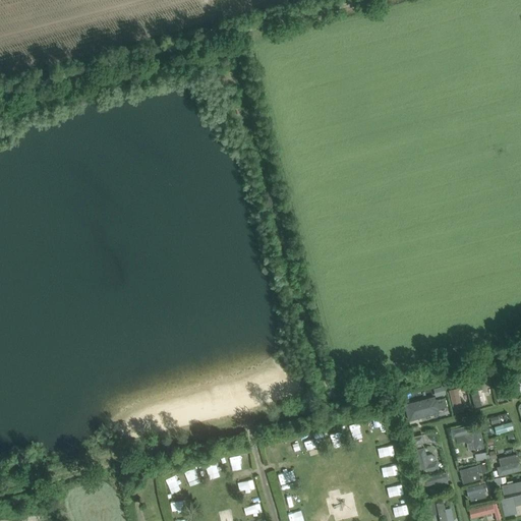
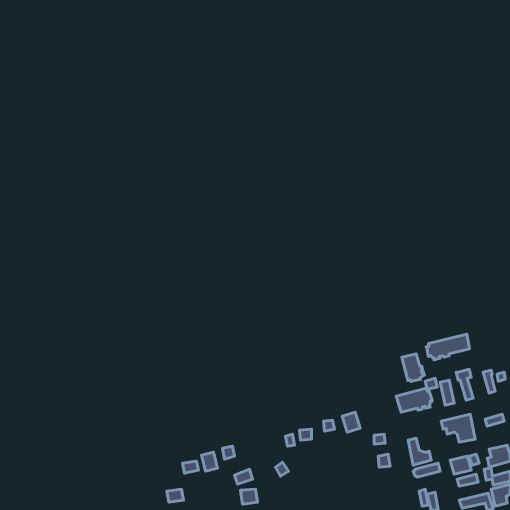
building: none -> [426,334,469,360]
building: none -> [402,354,424,382]

